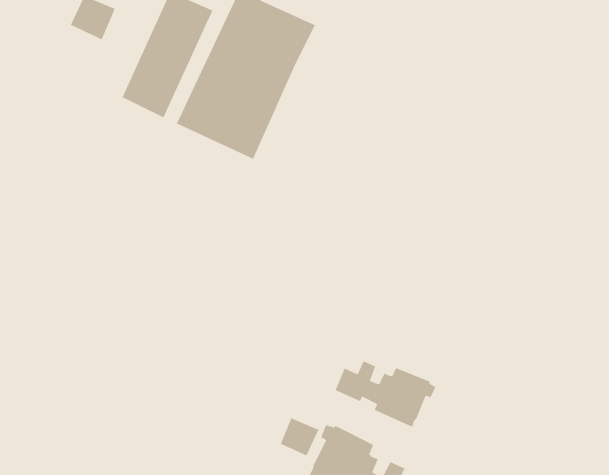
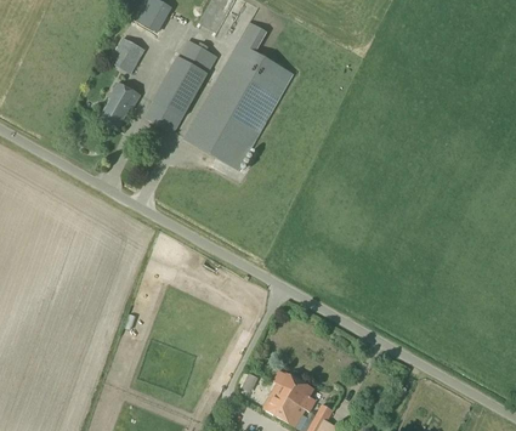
building: none -> [100,81,141,127]
building: [335,360,437,428] -> none

